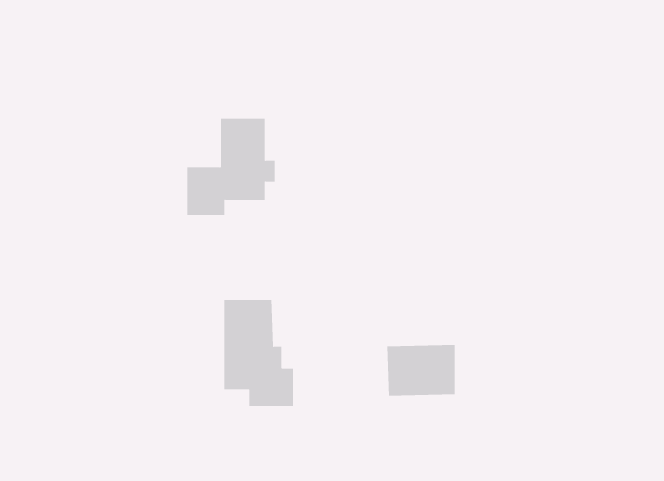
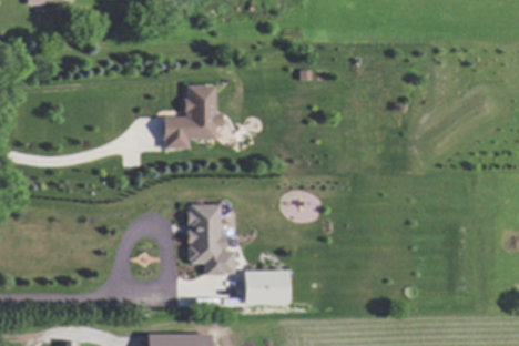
building: [387,344,455,396] -> [242,269,287,304]

